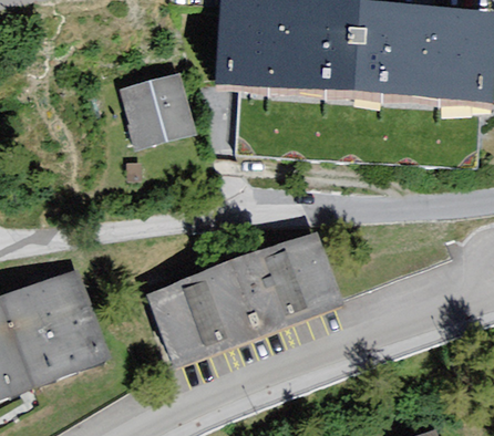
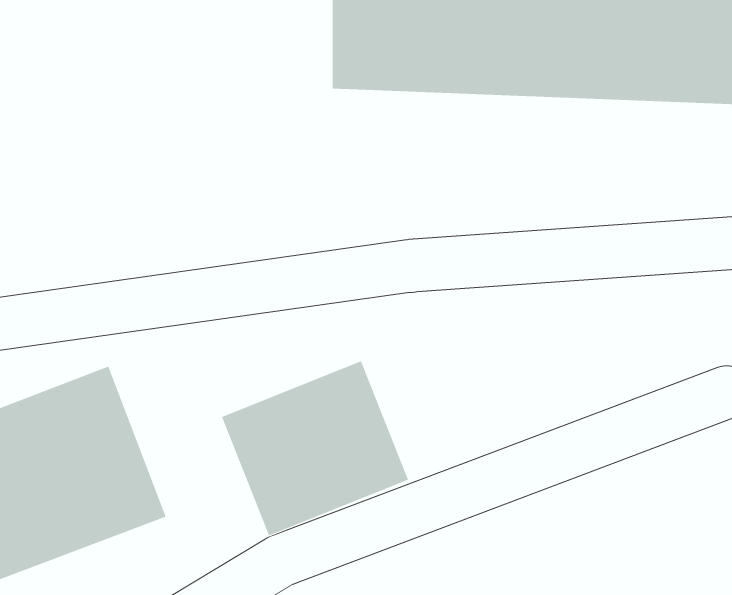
building: [113,68,194,146] -> none
building: [235,227,348,335] -> none

